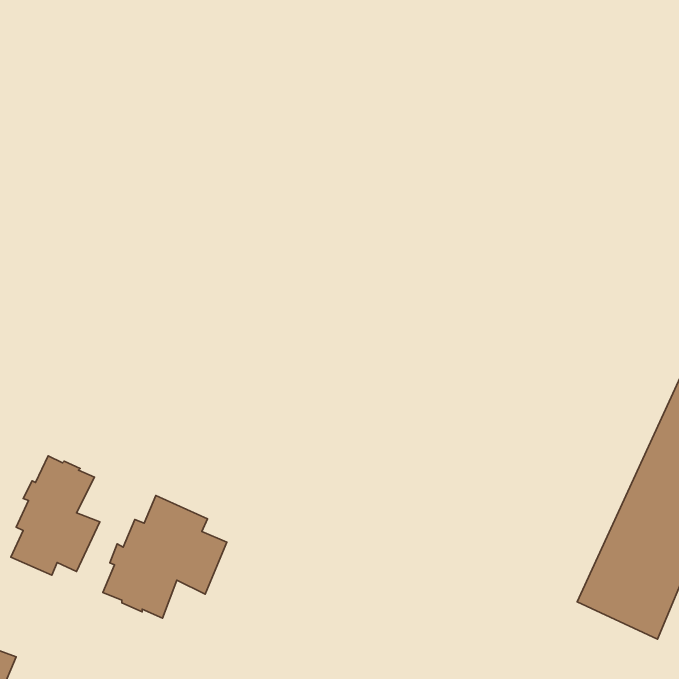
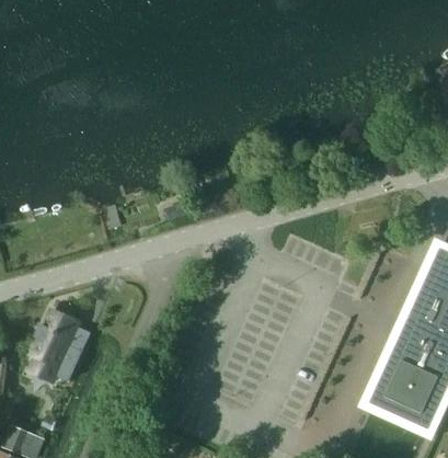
building: [103,496,227,618] -> none

